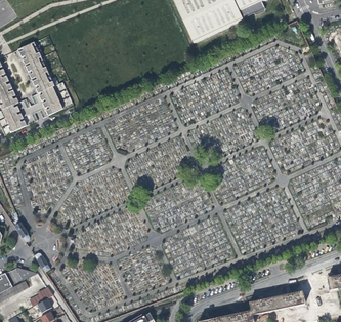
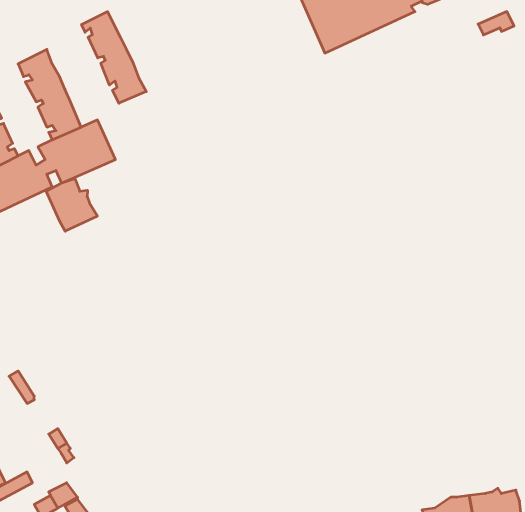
building: none -> [82,12,146,103]
building: none -> [46,178,97,231]

